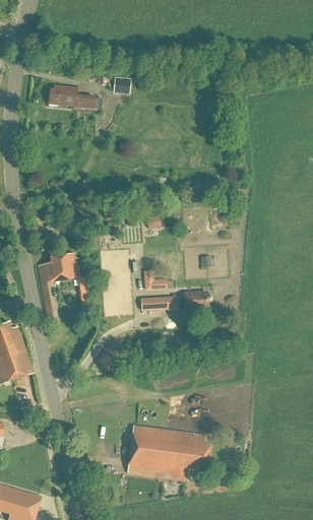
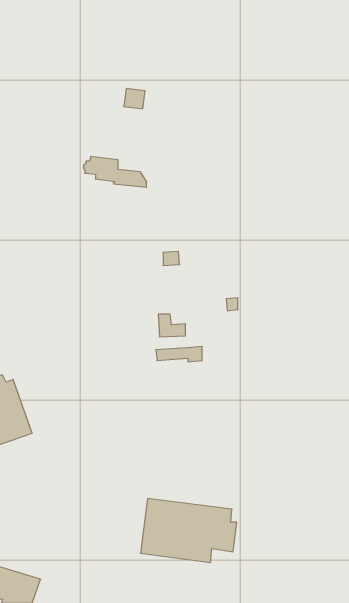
building: [48,85,102,112] -> [84,156,147,187]
building: [46,253,81,282] -> none
building: [184,290,207,310] -> none

